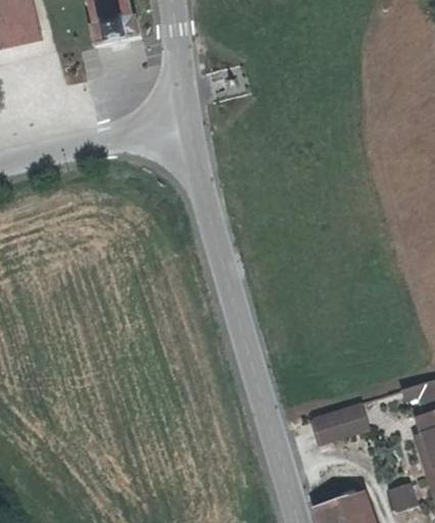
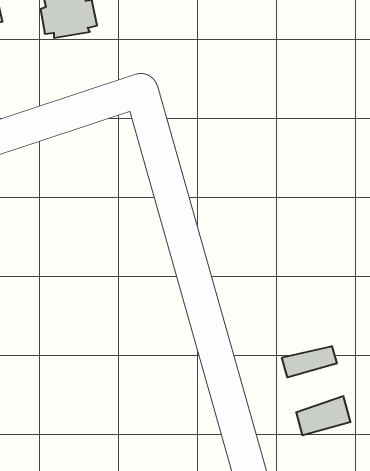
building: none -> [282,346,337,377]

